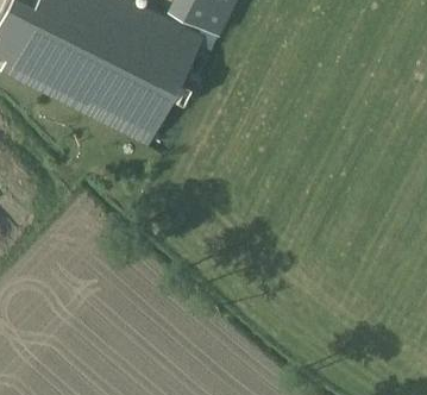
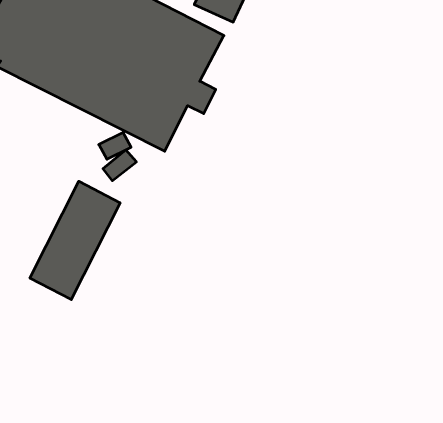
building: none -> [30,181,120,300]

